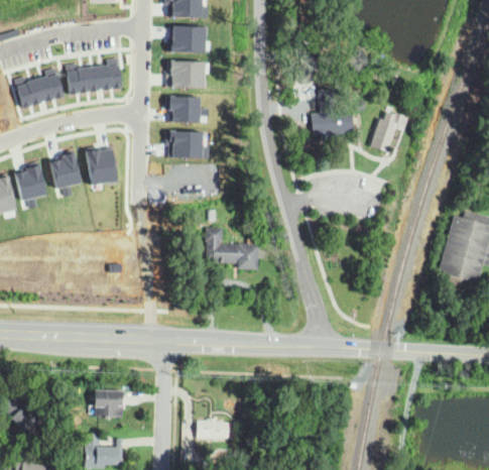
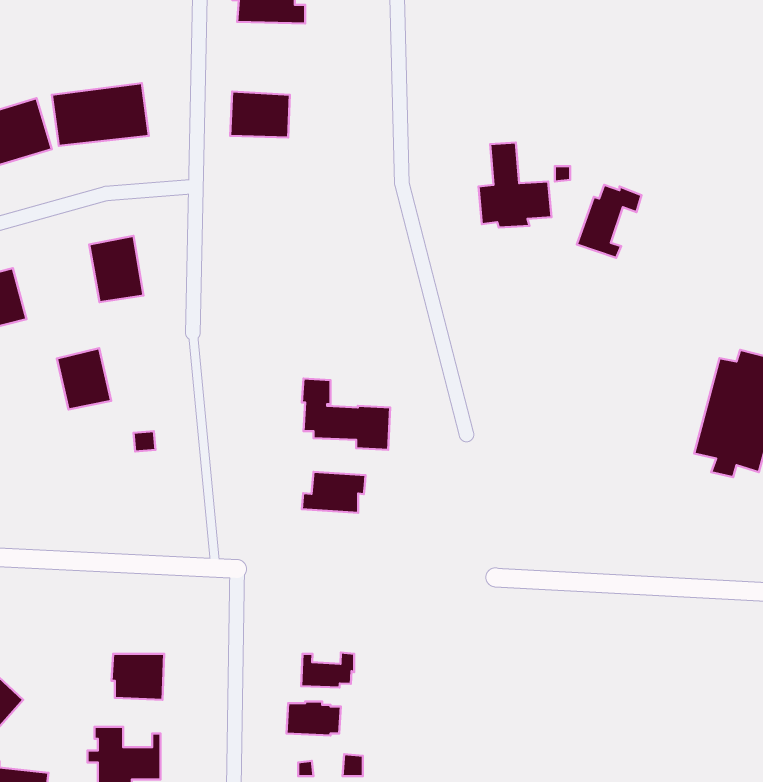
building: [167,24,204,51] -> none
building: [164,90,202,122] -> none
building: [165,125,204,157] -> none
building: [47,151,80,188] -> [57,348,111,409]
building: none -> [302,472,366,513]
building: none -> [301,652,354,688]

